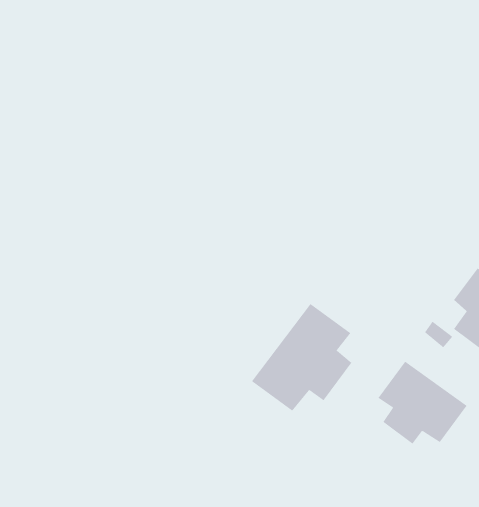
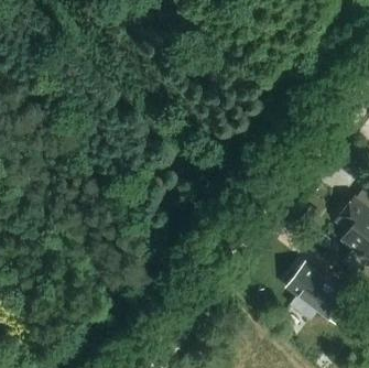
building: [251,303,352,411] -> none

